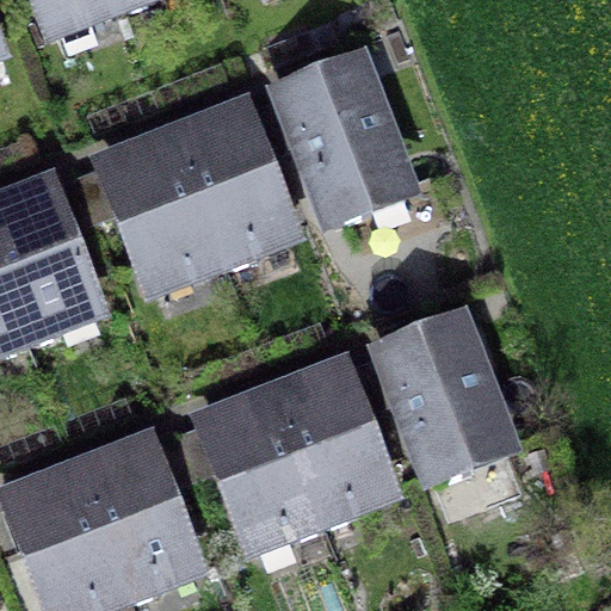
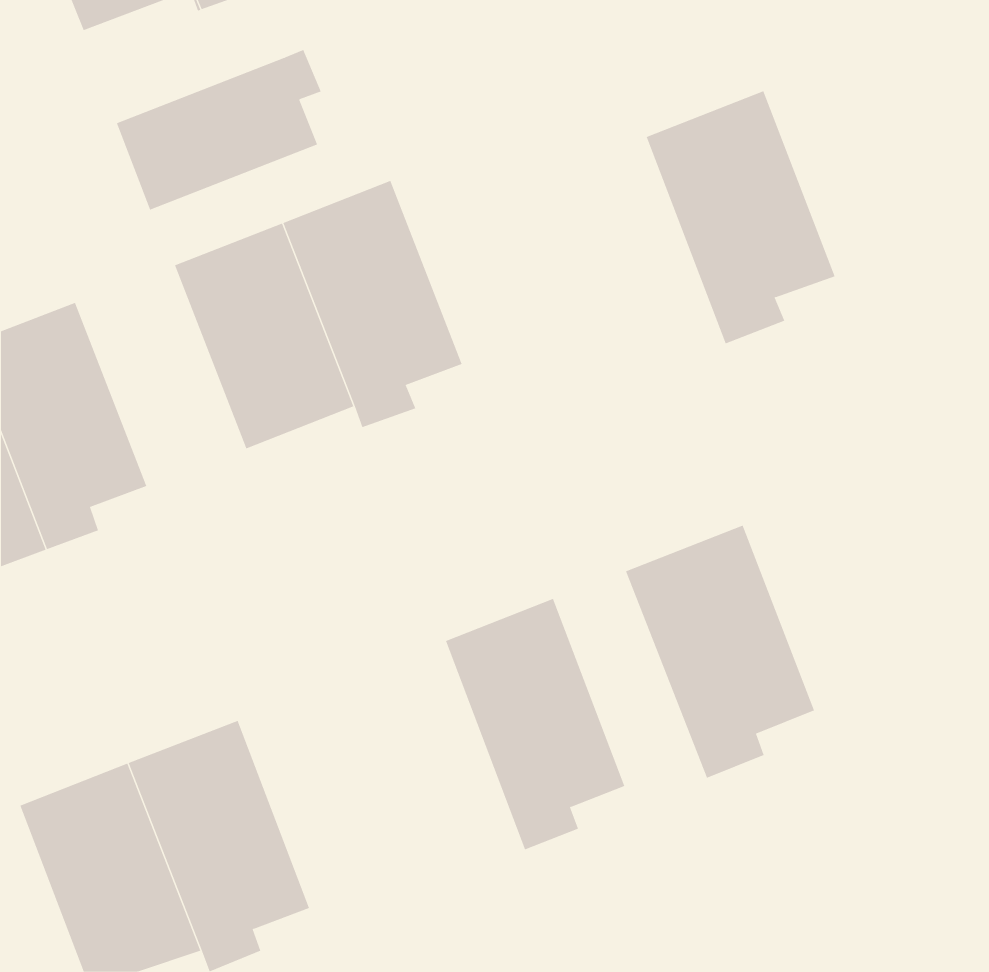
building: none -> [116,49,322,210]
building: [285,66,402,222] -> [646,91,835,344]
building: [208,395,323,536] -> none

